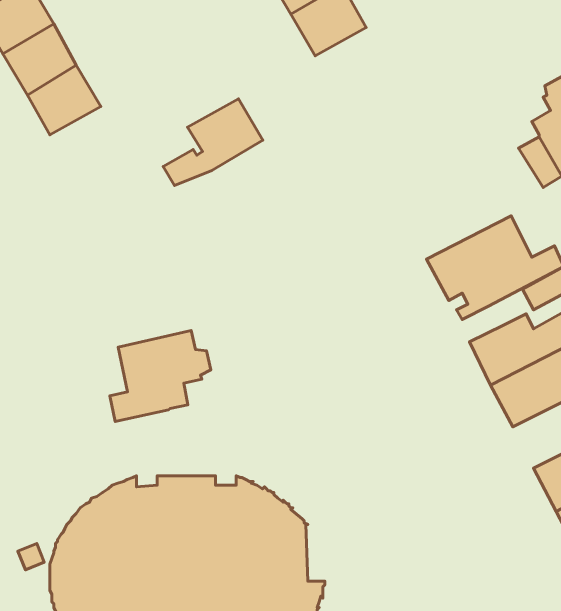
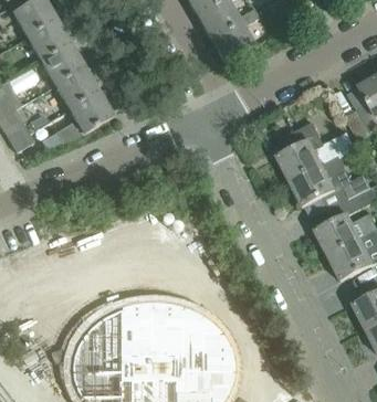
building: [163,99,263,185] -> [54,91,113,141]
building: none -> [276,120,356,180]
building: [110,331,211,421] -> none

